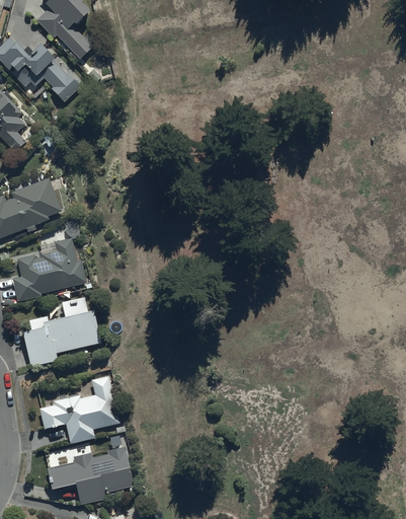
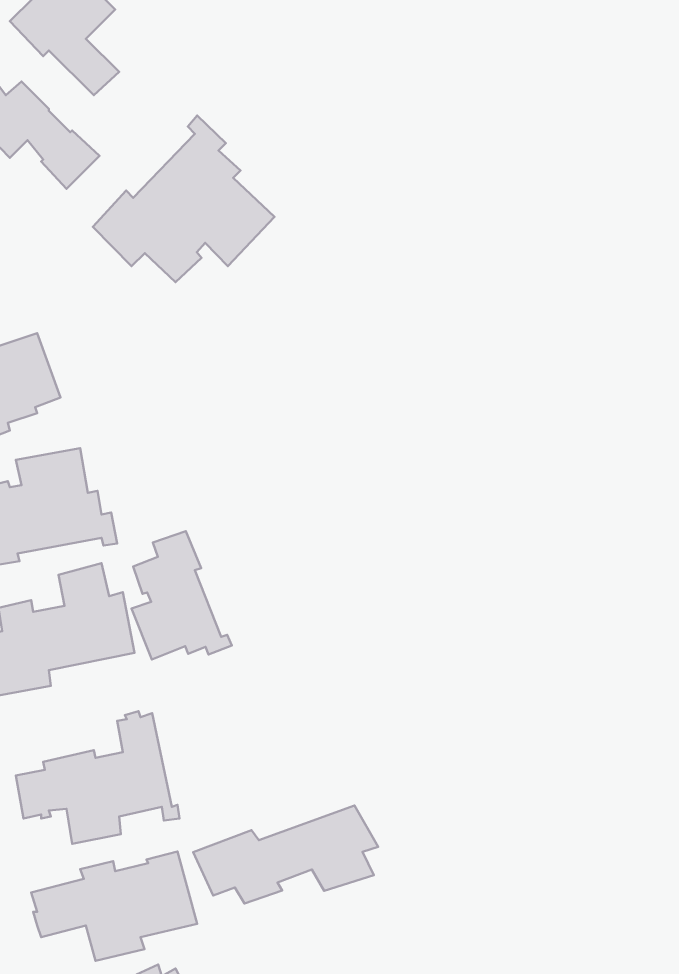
building: none -> [93,116,275,282]
building: none -> [132,531,232,660]
building: none -> [193,805,378,903]

